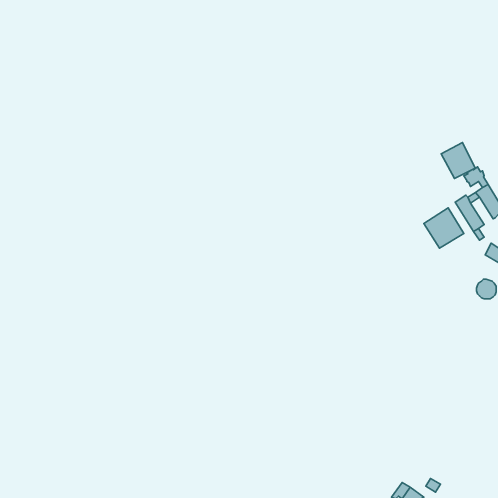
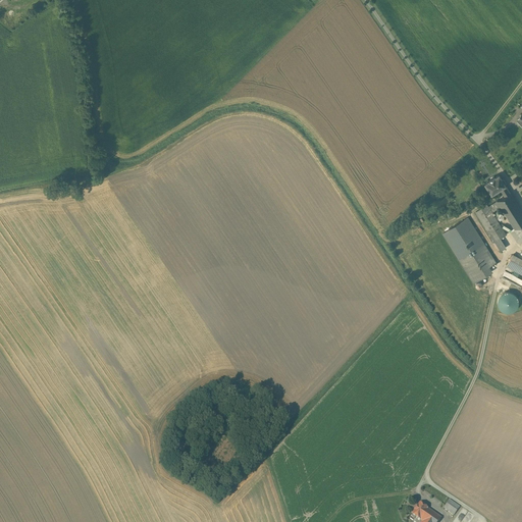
building: [441,143,475,179] -> none
building: none -> [460,245,497,283]

